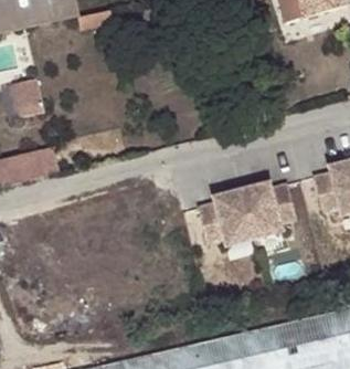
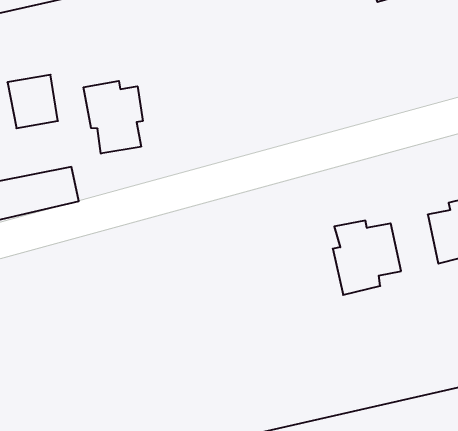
building: none -> [84,81,143,154]
building: [203,191,258,245] -> none

